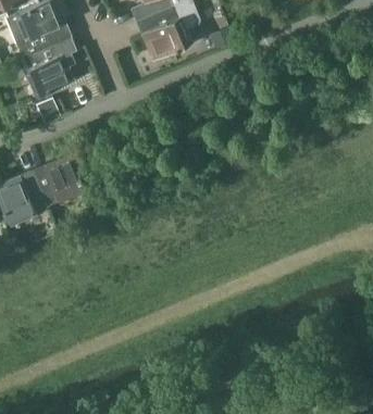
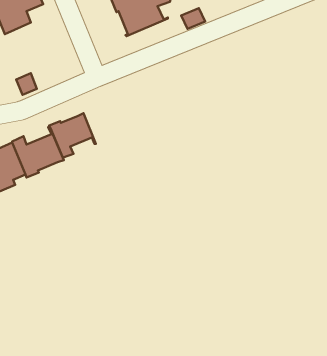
building: [24,37,75,95] -> none
building: none -> [49,113,96,158]

